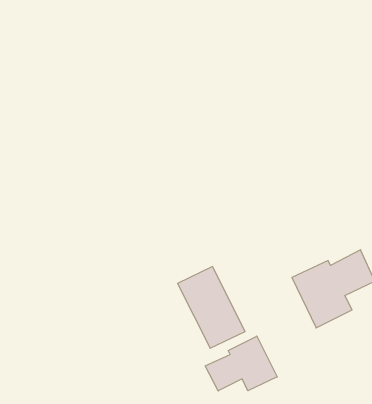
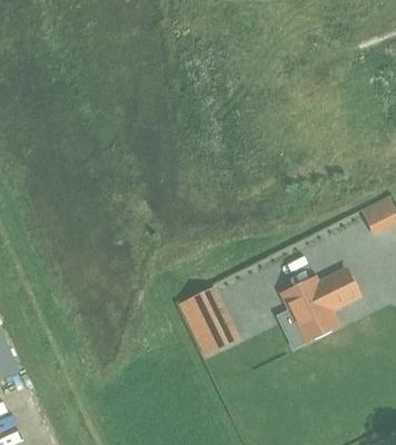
building: [205,336,277,391] -> none

